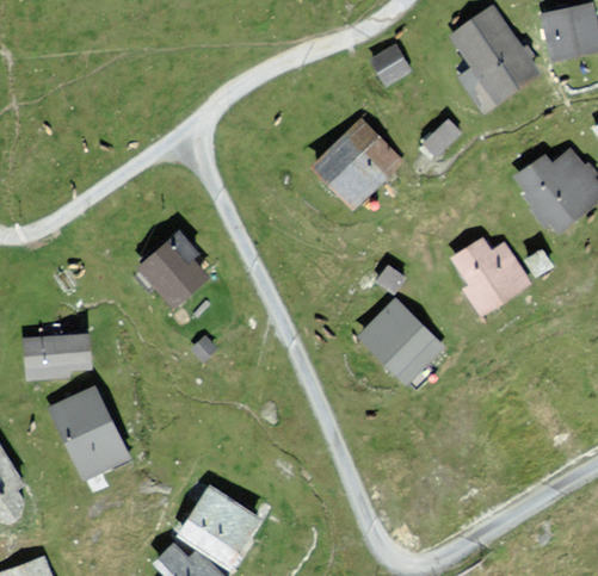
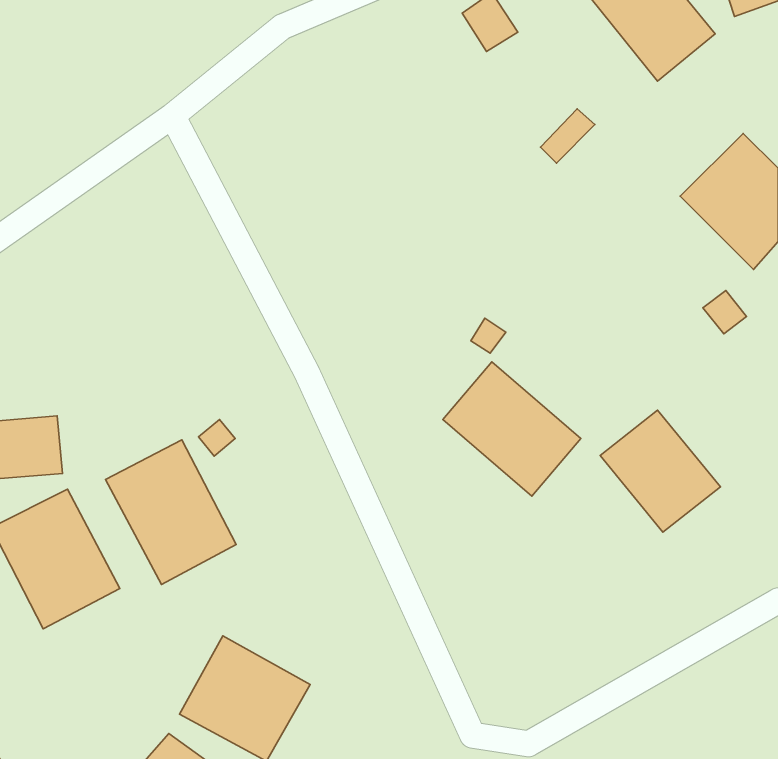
building: [309,120,397,209] -> none
building: [134,230,214,310] -> none
building: [446,230,529,314] -> [600,410,720,532]
building: none -> [106,440,236,585]

